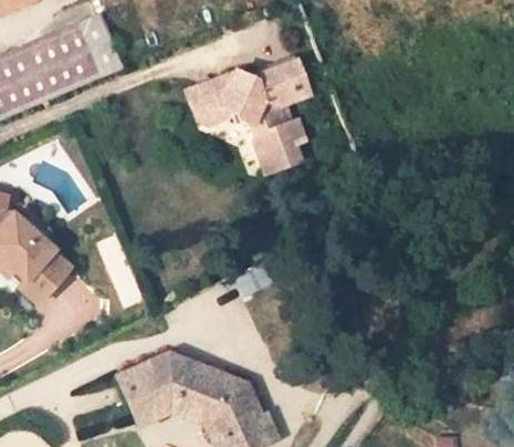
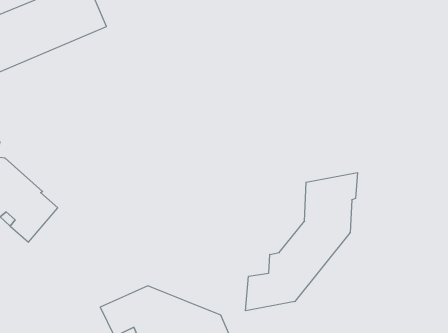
building: [196,61,316,165] -> none
building: none -> [246,173,357,311]

